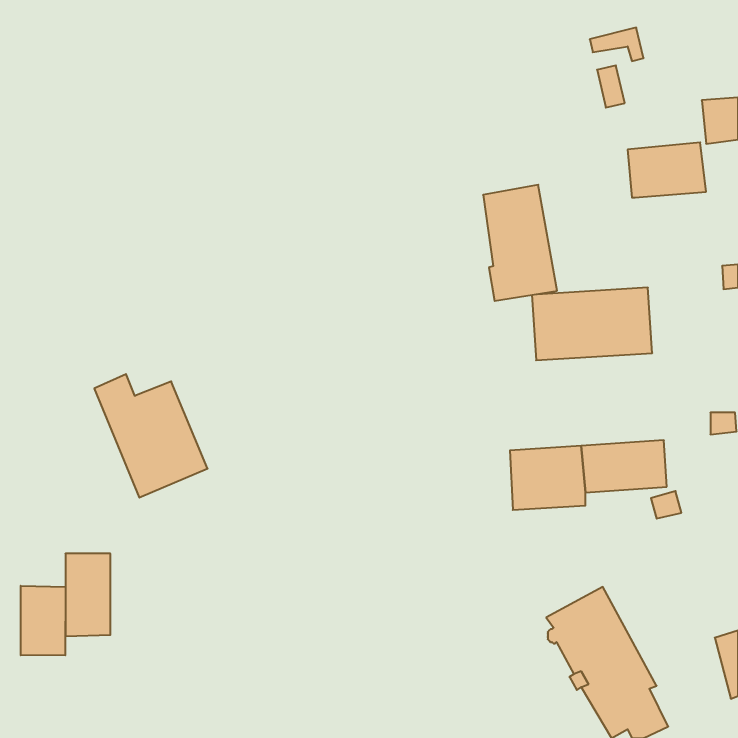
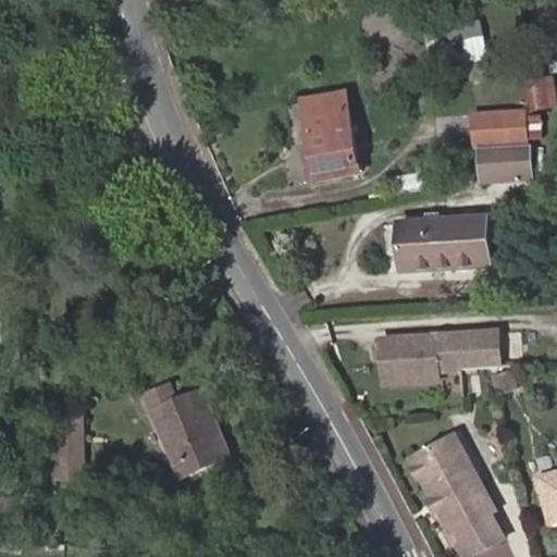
building: [483,185,557,301] -> [302,91,358,178]
building: none -> [475,144,533,183]
building: [94,374,208,498] -> [146,384,231,476]
building: [21,586,65,655] -> none

